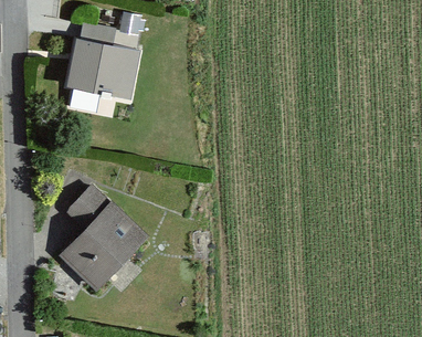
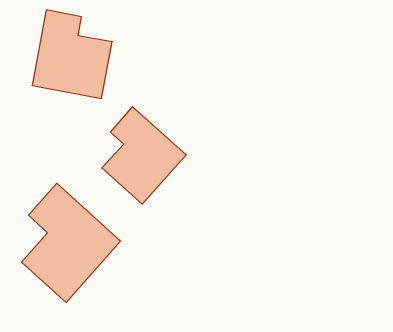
building: none -> [102,107,186,204]

